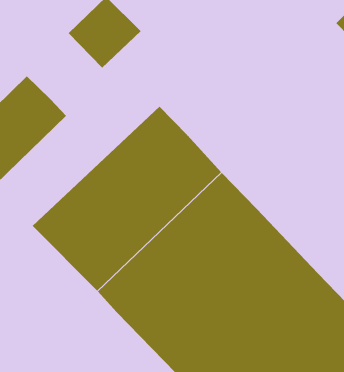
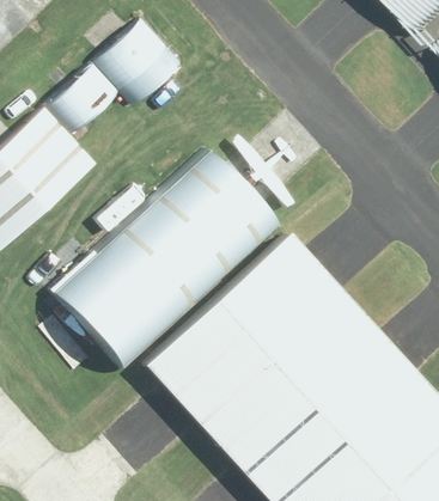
building: none -> [49,61,124,139]

